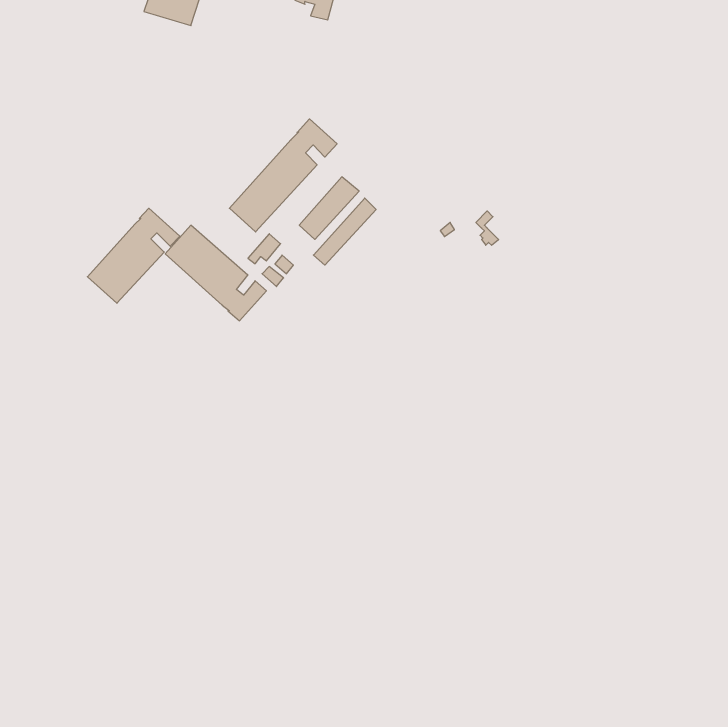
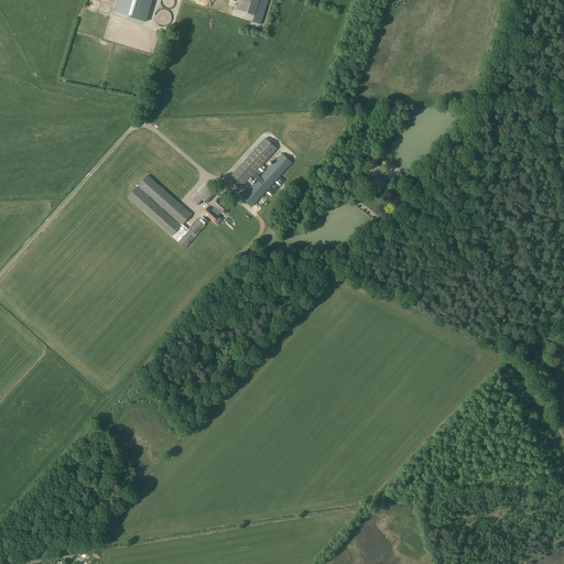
building: [229,119,337,232] -> none
building: [87,208,180,303] -> none

